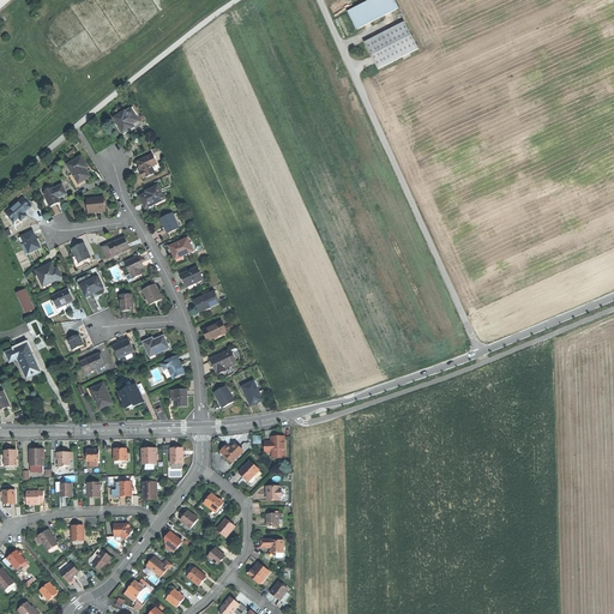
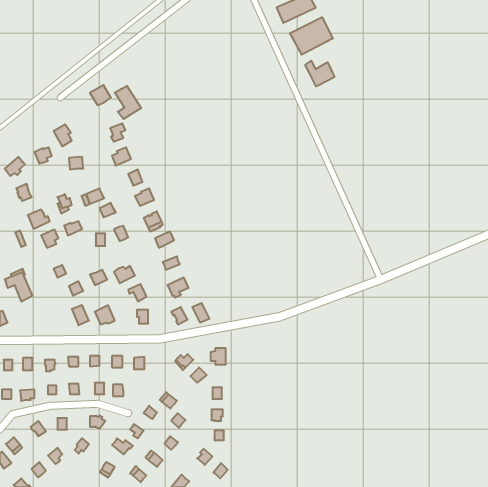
building: none -> [305,61,334,86]
building: none -> [115,86,141,119]

